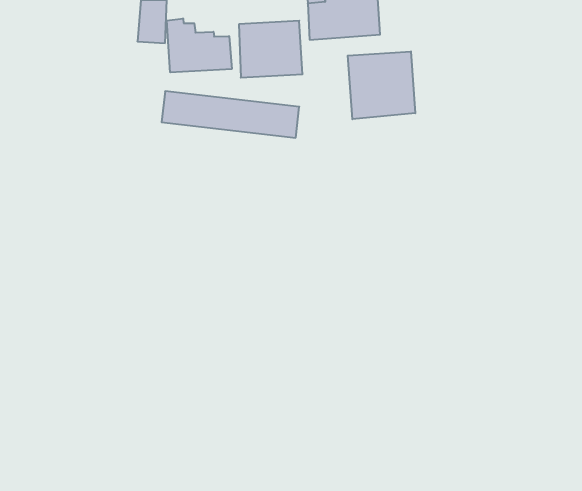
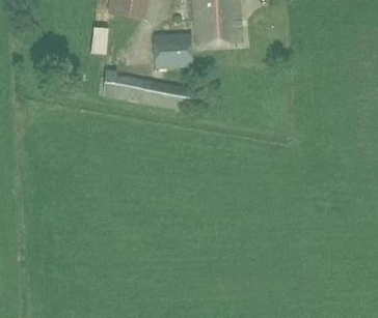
building: [167,18,232,72] -> none
building: [348,51,415,119] -> none

